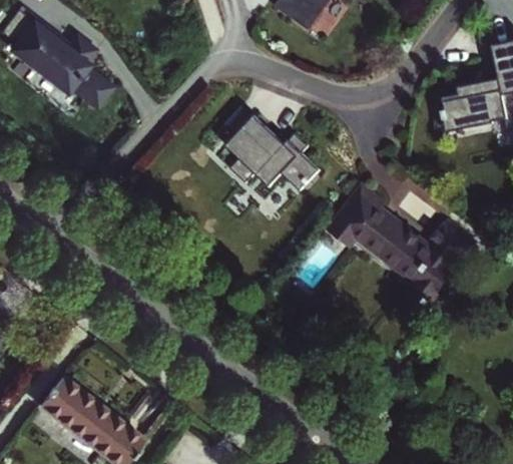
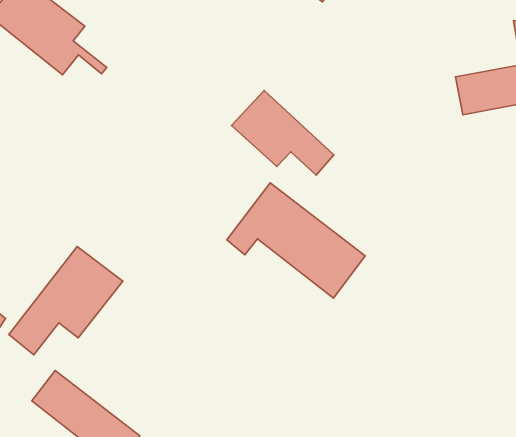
building: [327,180,458,290] -> [227,183,365,298]
building: none -> [9,246,123,355]

